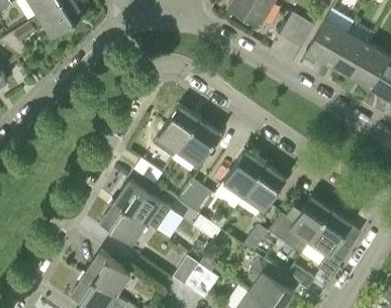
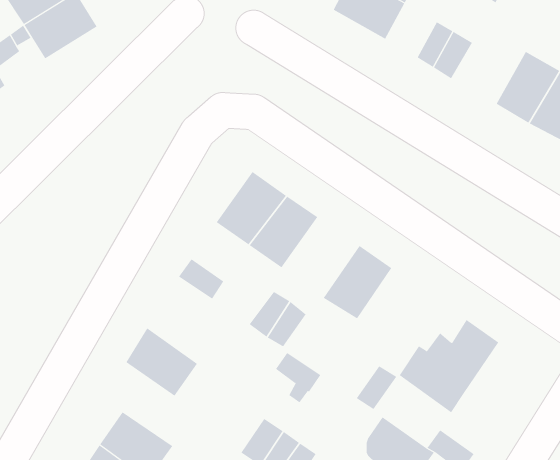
building: [307,19,347,65] -> none
building: [243,166,286,210] -> none
building: [114,182,171,231] -> none
building: [309,211,352,256] -> none

